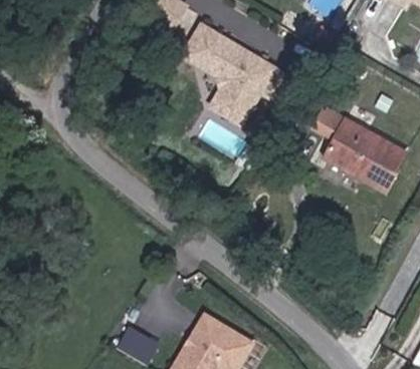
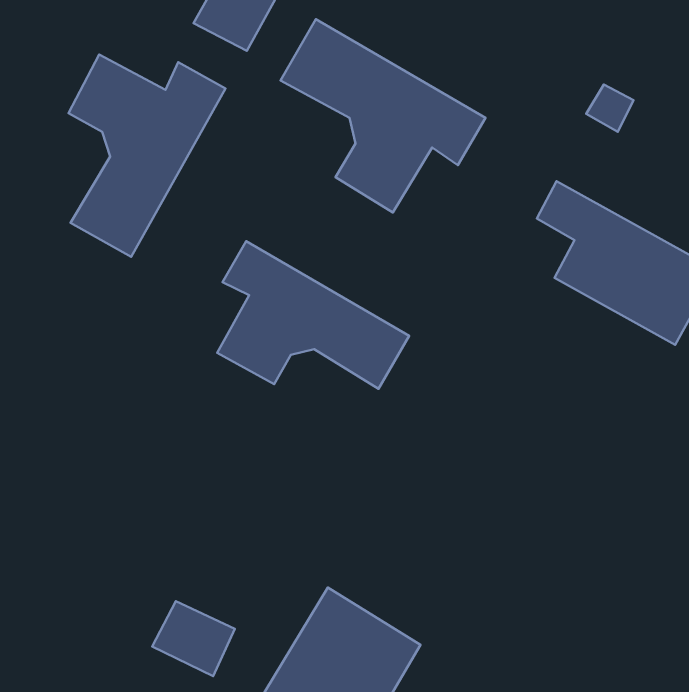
building: none -> [69,55,225,257]
building: none -> [217,241,409,389]

